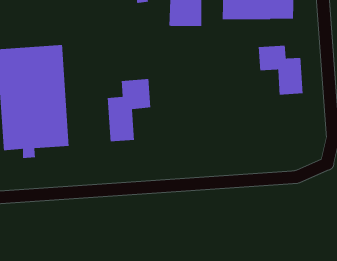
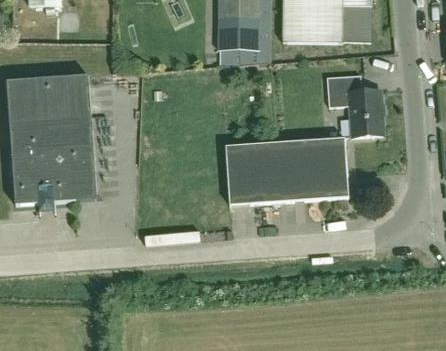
building: [107,78,151,142] -> none
building: none -> [226,136,349,204]

